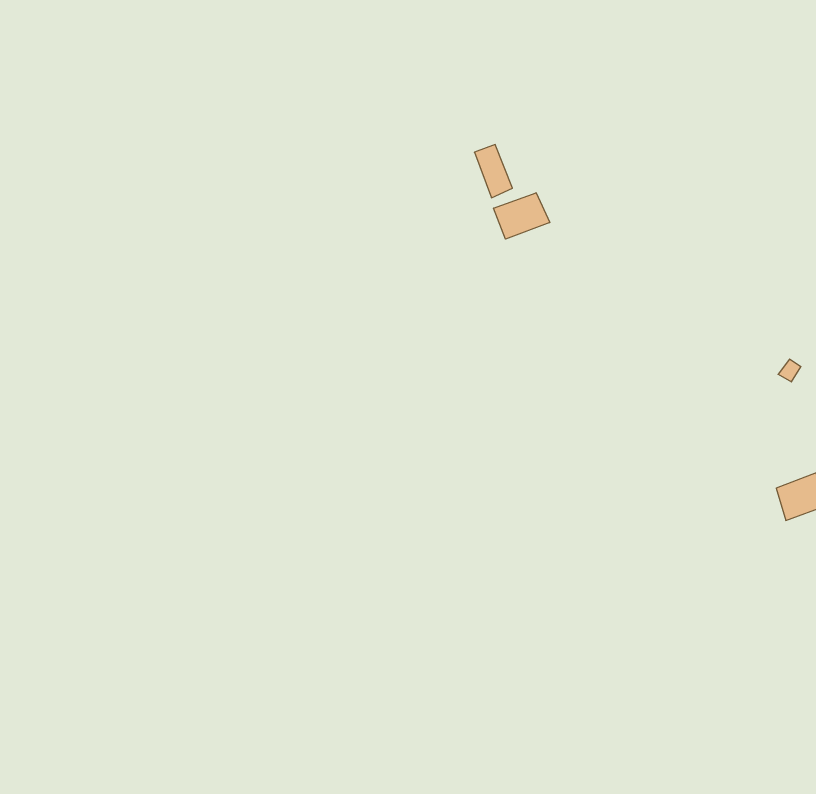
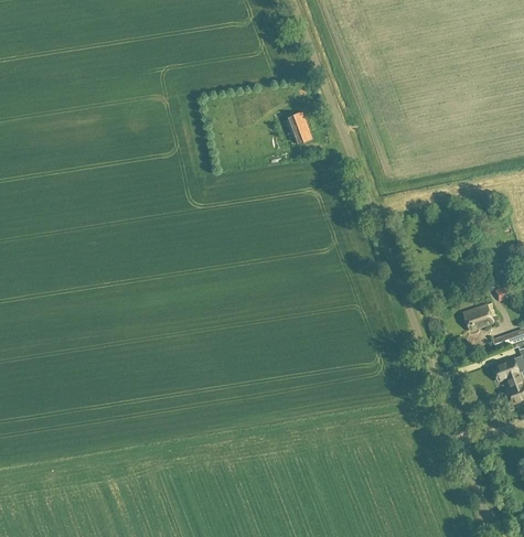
building: [494,193,550,239] -> none

